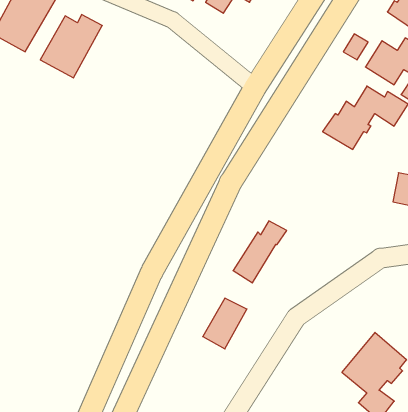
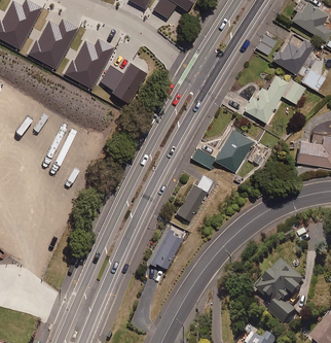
building: none -> [67,40,113,88]
building: none -> [100,64,148,105]
building: none -> [212,128,253,171]

